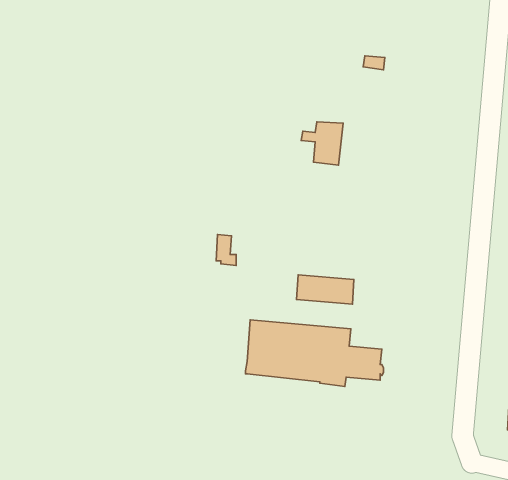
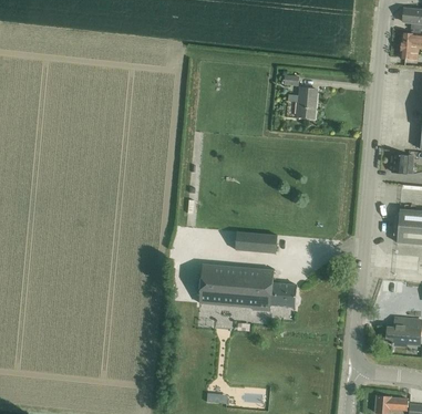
building: [301,122,343,165] -> [288,87,318,118]

